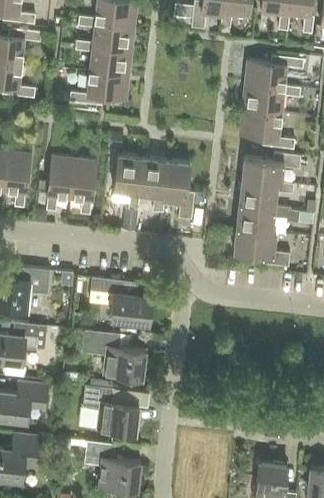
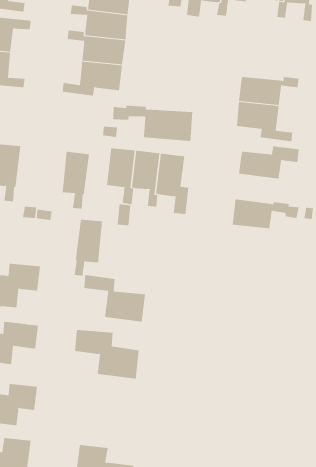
building: [244,55,303,89] -> none
building: none -> [113,105,193,142]
building: [46,155,74,210] -> [74,219,103,276]
building: [238,179,293,208] -> none
building: [233,228,290,266] -> none
building: [83,385,139,433] -> none

